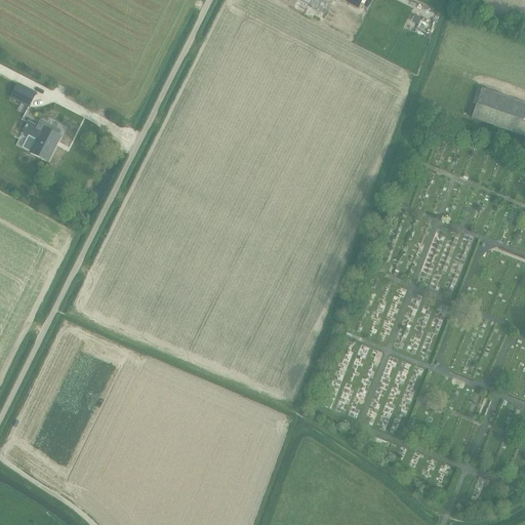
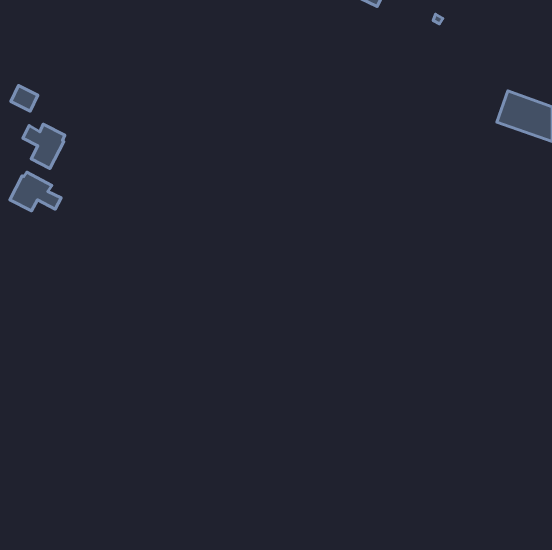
building: none -> [10,172,61,211]

